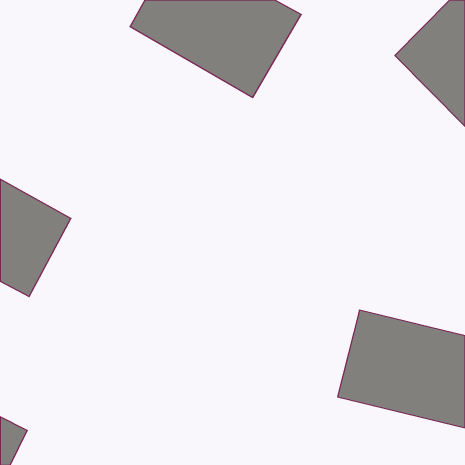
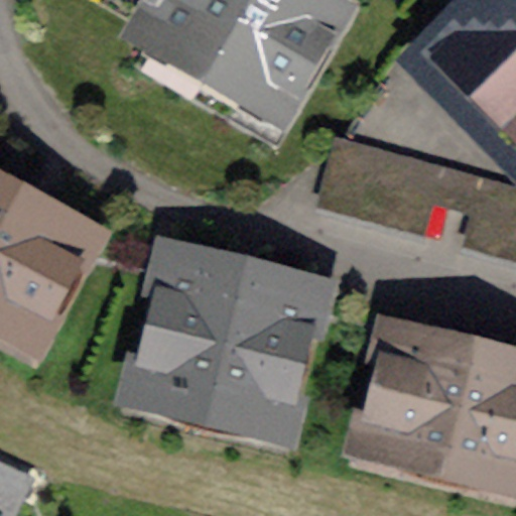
building: none -> [146,265,305,420]

